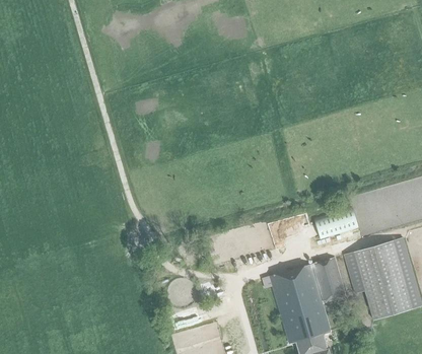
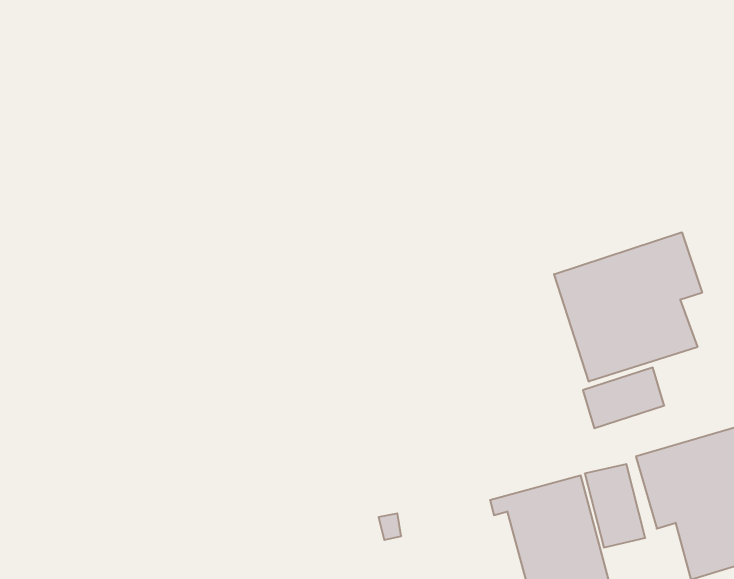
building: none -> [554,232,702,382]

